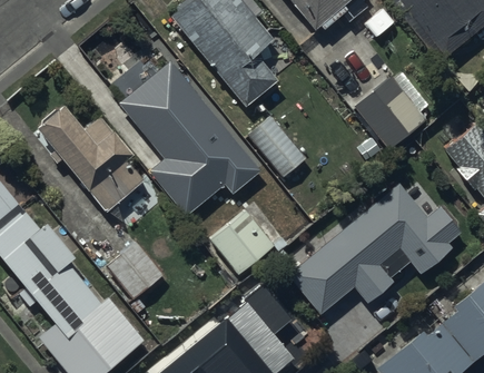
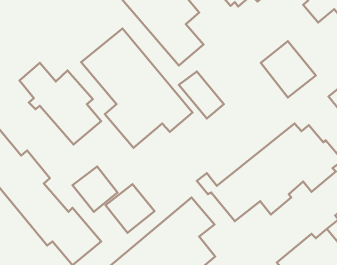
building: [210,212,275,276] -> [106,184,154,233]

